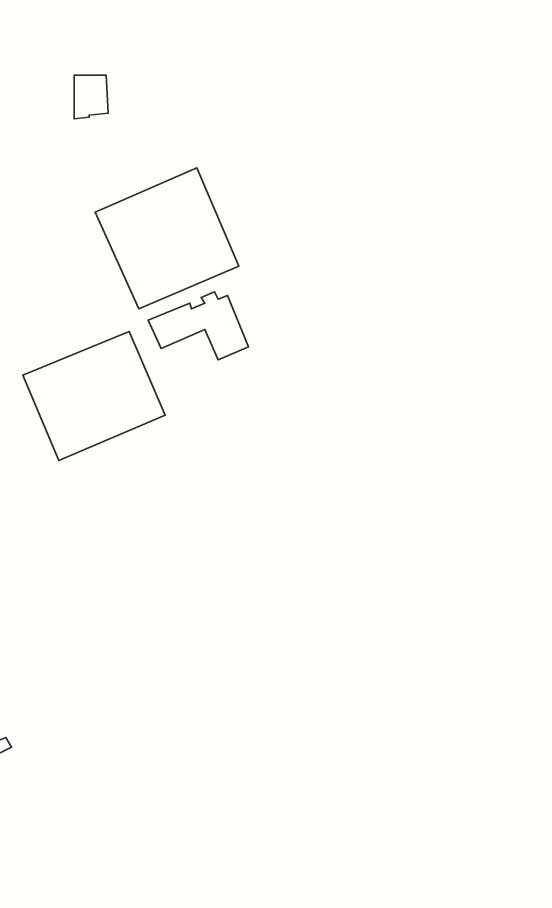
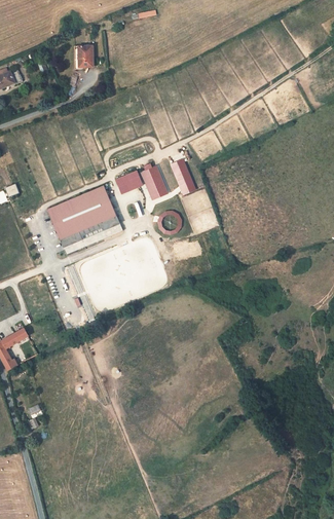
building: [95,168,239,309] -> none
building: none -> [170,158,196,195]

